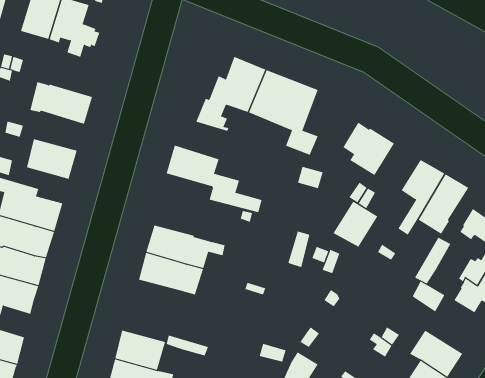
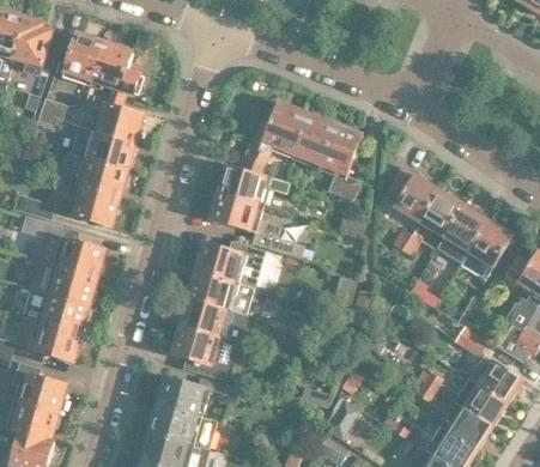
building: none -> [91,102,142,142]
building: none -> [75,157,127,196]
building: none -> [217,164,289,205]
building: none -> [196,243,263,287]
building: [333,201,378,248] -> [418,189,463,236]
building: none -> [171,326,238,380]
building: none -> [468,359,521,400]

